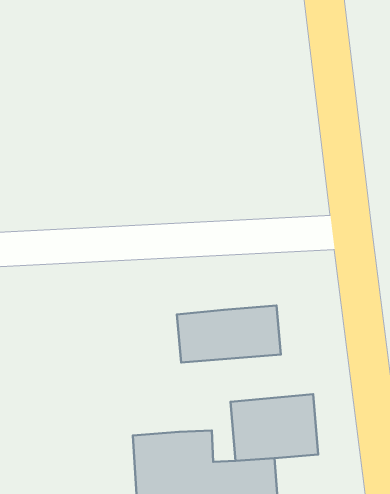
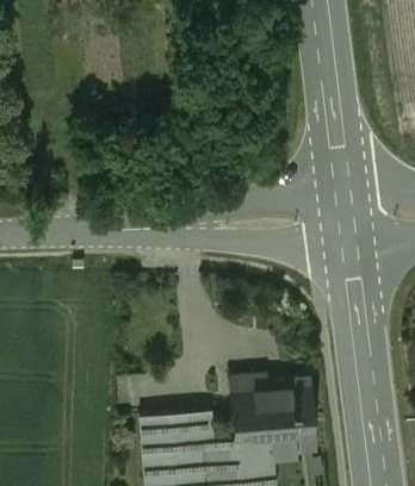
building: [177,305,281,363] -> none

